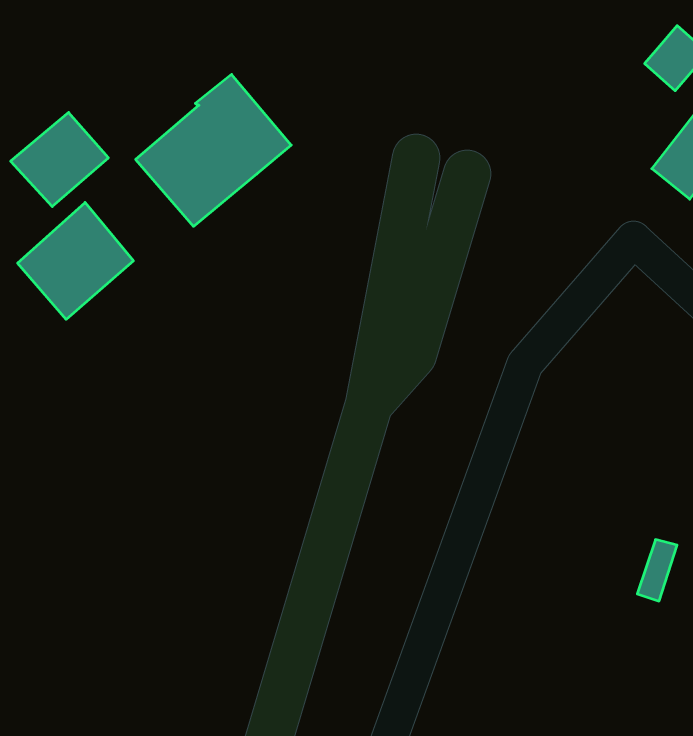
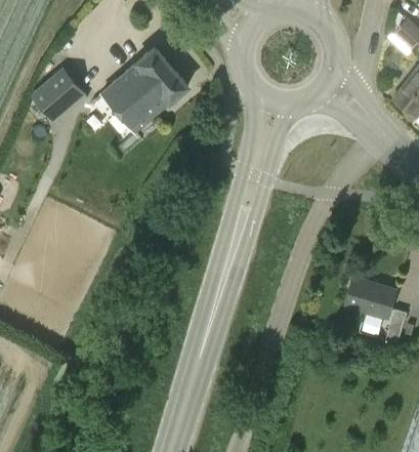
building: [18,202,133,319] -> none
building: none -> [344,277,395,318]

